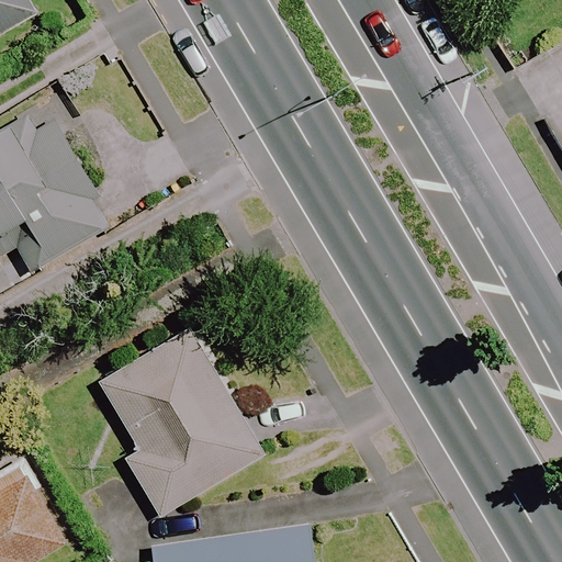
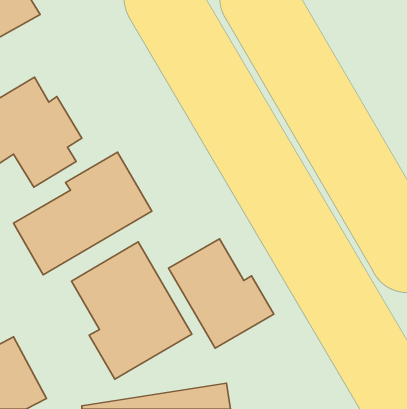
building: none -> [14,152,152,275]
building: none -> [169,239,274,348]

